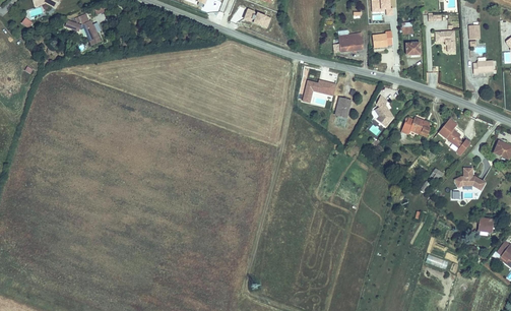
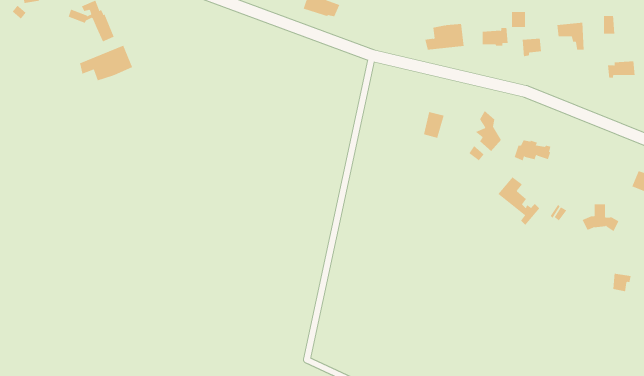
building: none -> [80,45,133,81]
building: [302,78,335,103] -> none
building: [439,119,471,157] -> [498,177,540,226]

